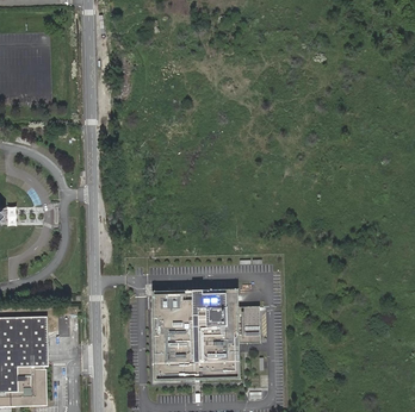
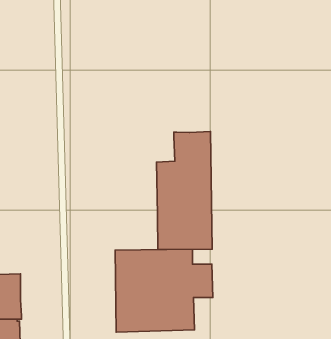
building: none -> [156,131,212,250]

